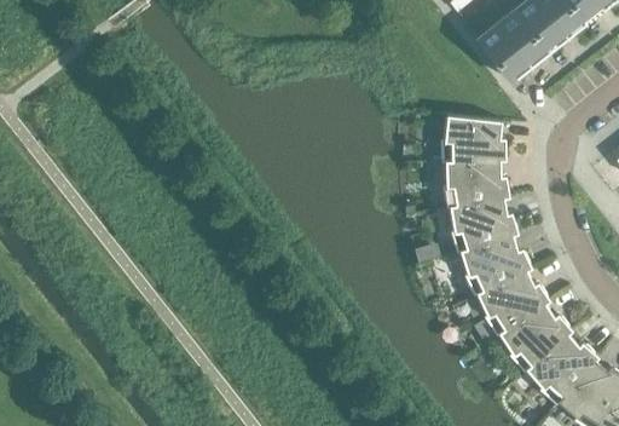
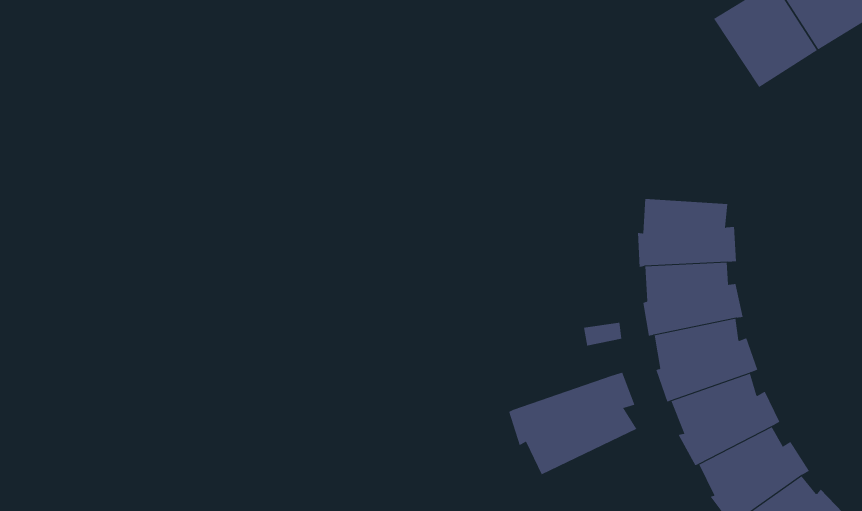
building: [441,115,507,162] -> none
building: none -> [508,372,637,475]

